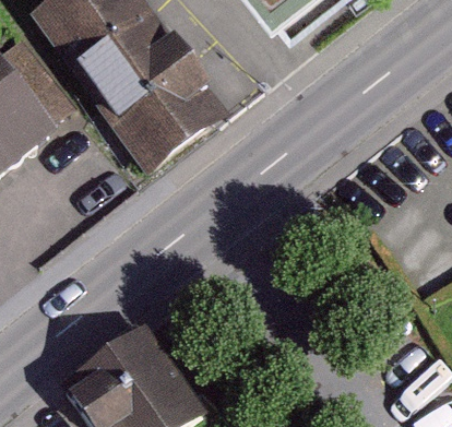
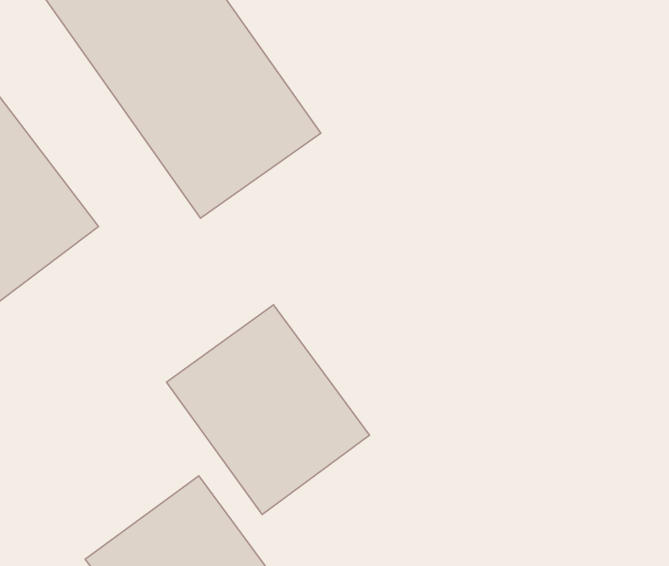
building: none -> [167,305,370,514]

